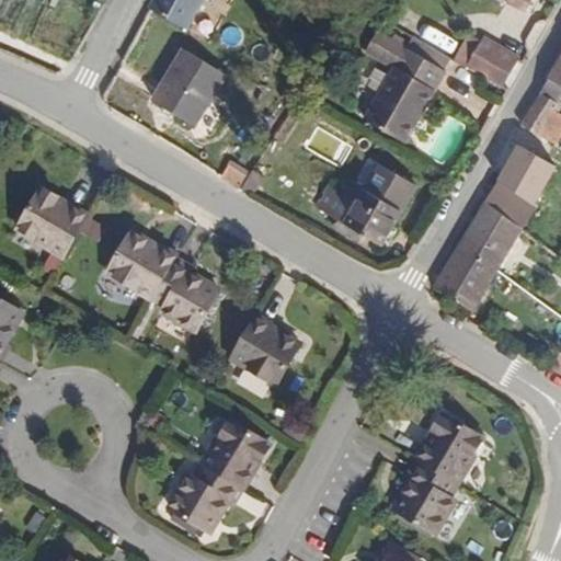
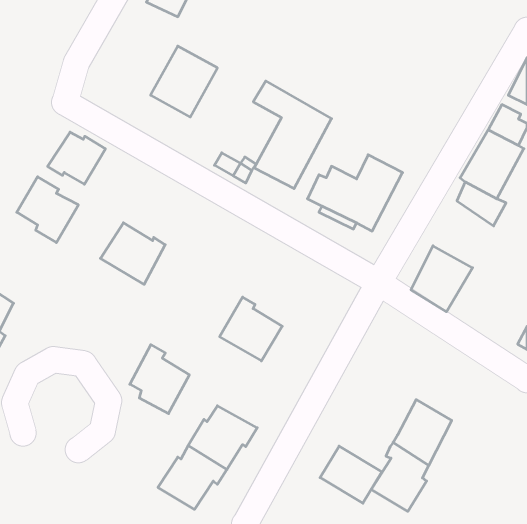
building: [365,25,447,138] -> [253,81,332,189]
building: [473,35,525,84] -> none
building: none -> [48,132,105,184]
building: [454,210,517,280] -> none
building: [151,256,214,329] -> [130,345,189,414]
building: none -> [320,446,382,503]

